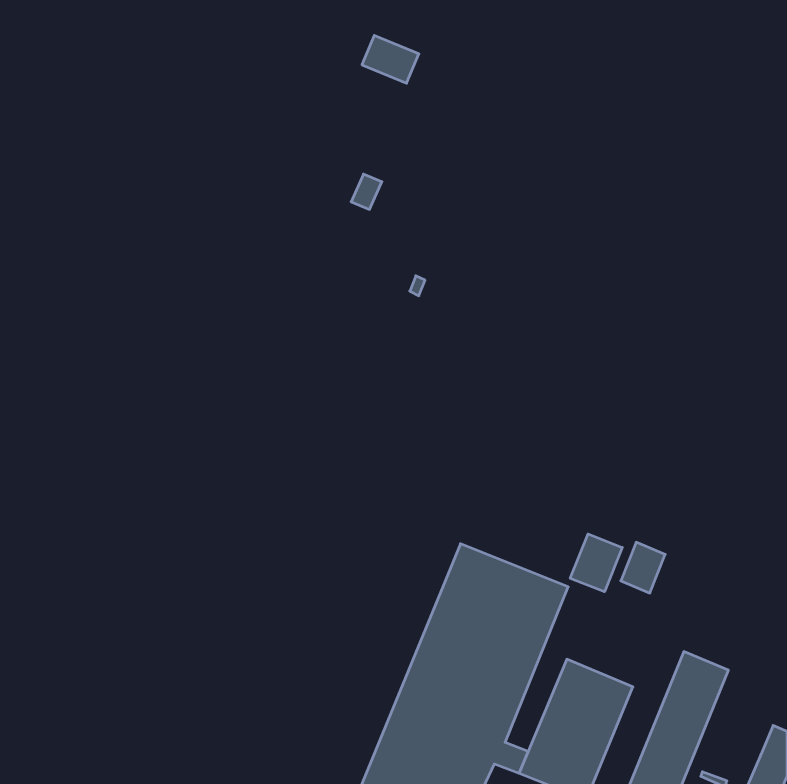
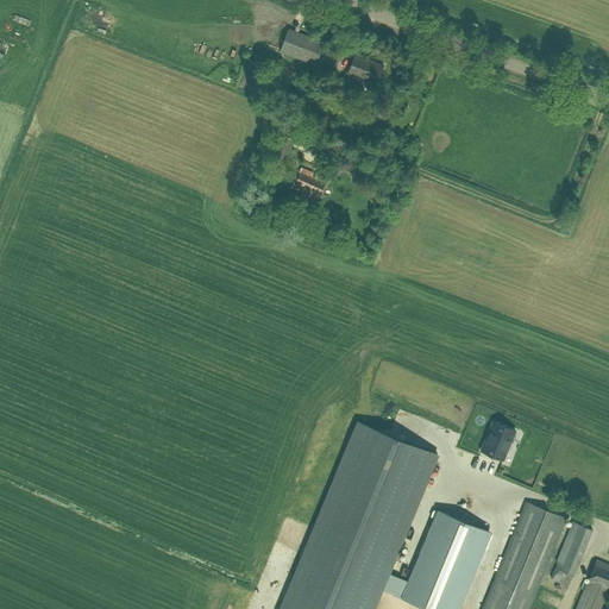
building: none -> [347,56,382,86]
building: none -> [293,171,326,200]
building: [570,534,622,592] -> none
building: none -> [551,523,592,588]

